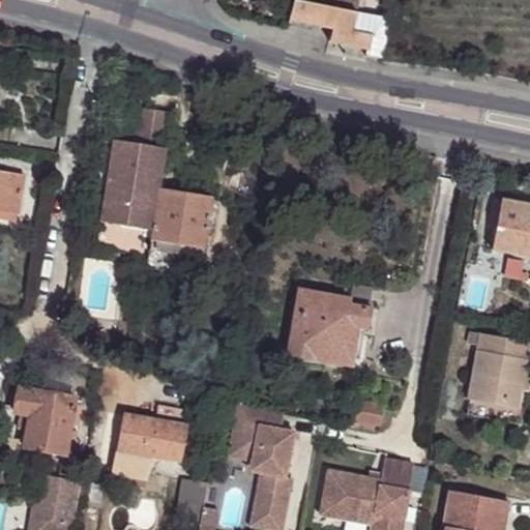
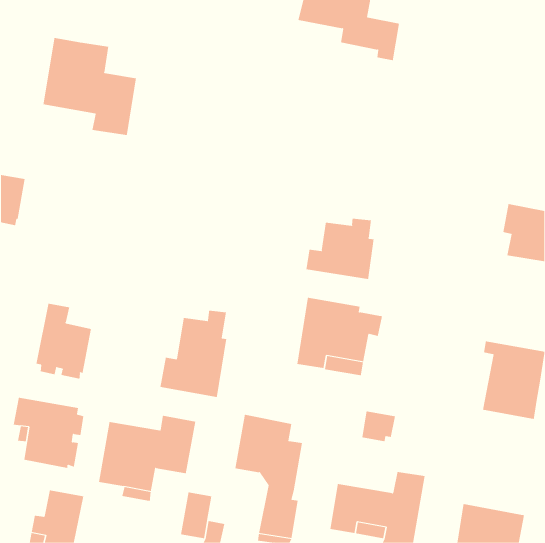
building: none -> [43,37,136,136]
building: [100,107,212,269] -> none
building: none -> [306,218,374,280]
building: none -> [36,303,91,380]
building: none -> [160,310,227,398]

